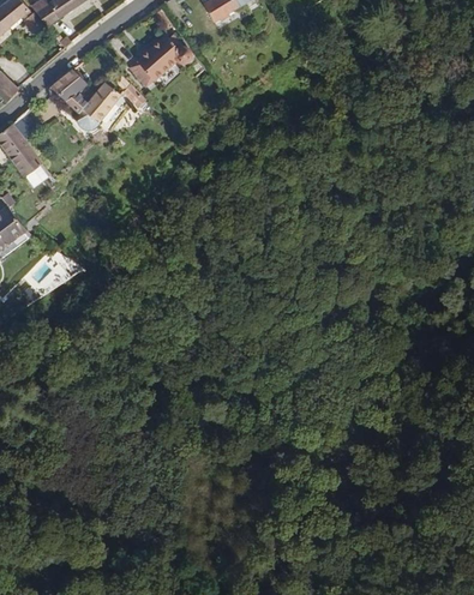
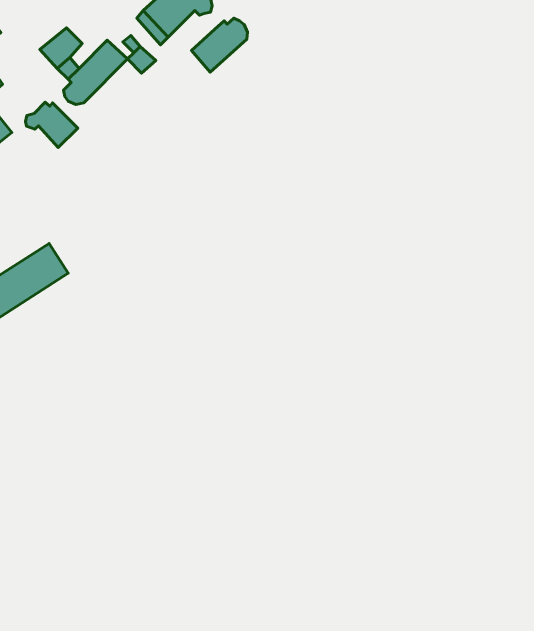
building: none -> [192,18,248,72]
building: none -> [25,102,78,147]

